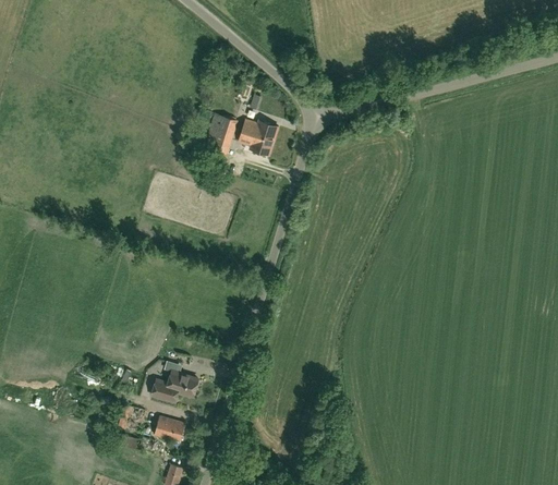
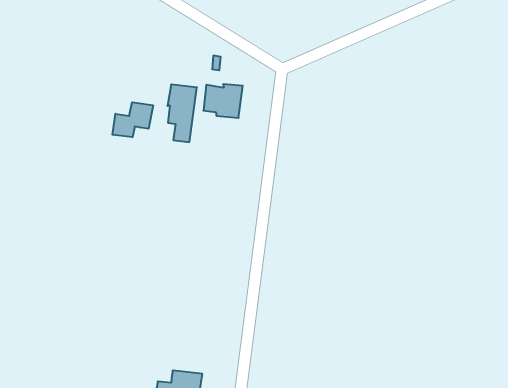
building: none -> [112,102,153,137]

